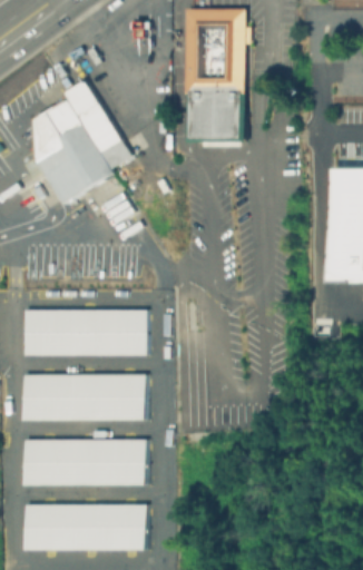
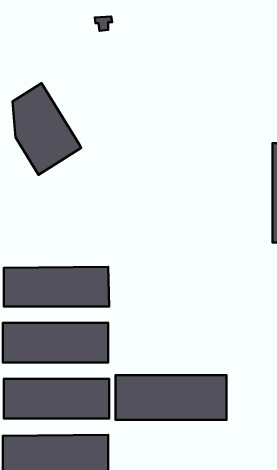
building: [185,8,246,142] -> none
building: [63,79,130,168] -> none
building: none -> [116,375,226,420]

